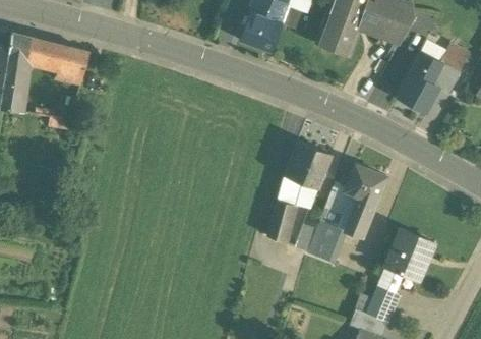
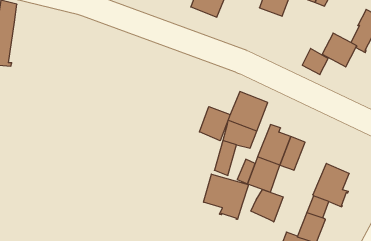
building: [26,37,87,82] -> none
building: [409,51,440,82] -> [302,48,328,75]
building: none -> [199,107,230,141]
building: [344,163,385,203] -> none
building: none -> [204,174,248,219]
building: none -> [251,189,283,222]

